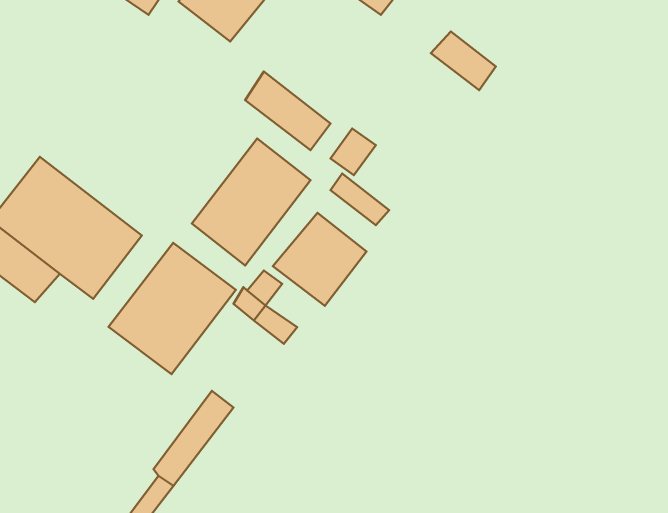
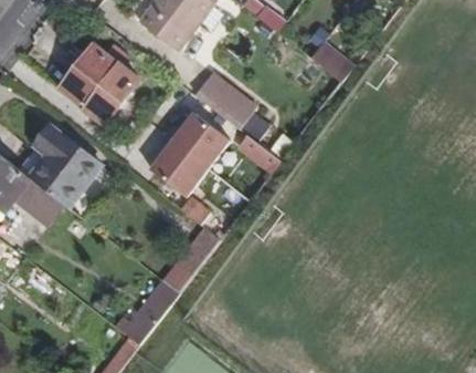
building: none -> [59,43,136,122]
building: [273,213,366,306] -> none
building: [109,243,236,374] -> none

